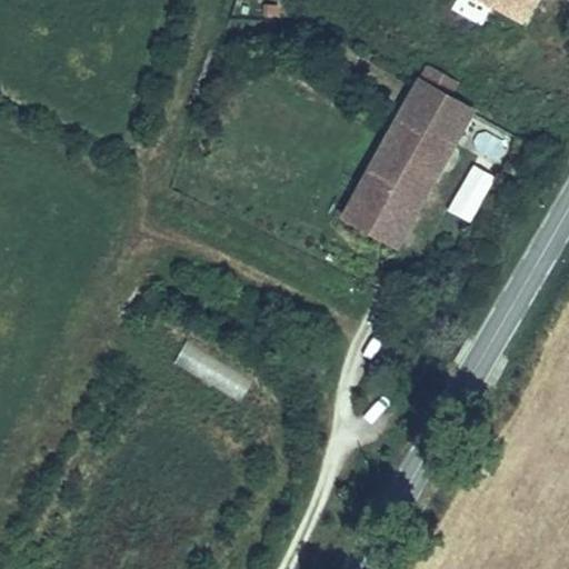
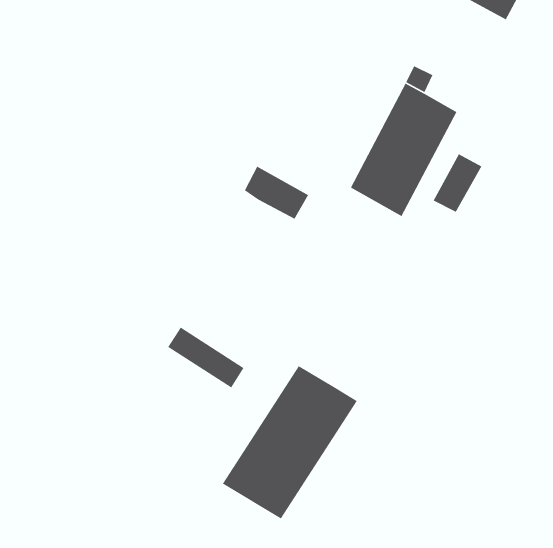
building: [345,192,411,248] -> [244,166,309,220]
building: none -> [222,365,358,520]

